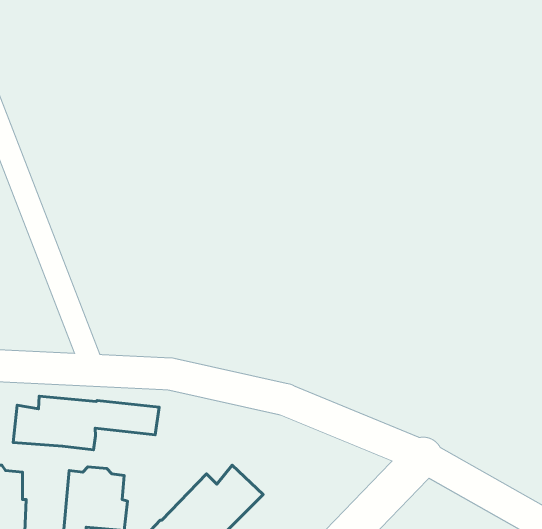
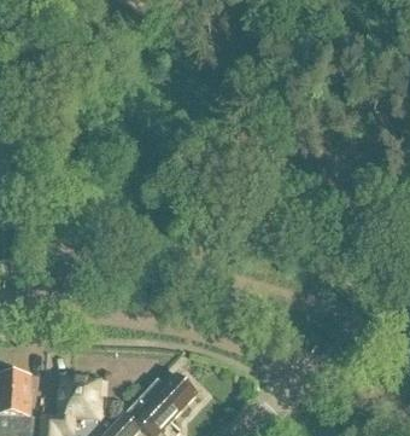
building: [13,396,159,450] -> none

